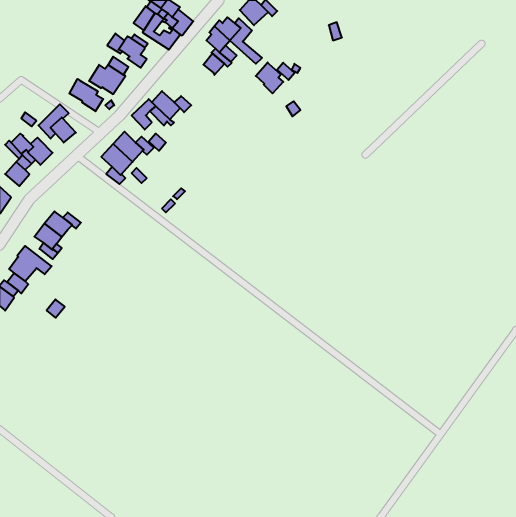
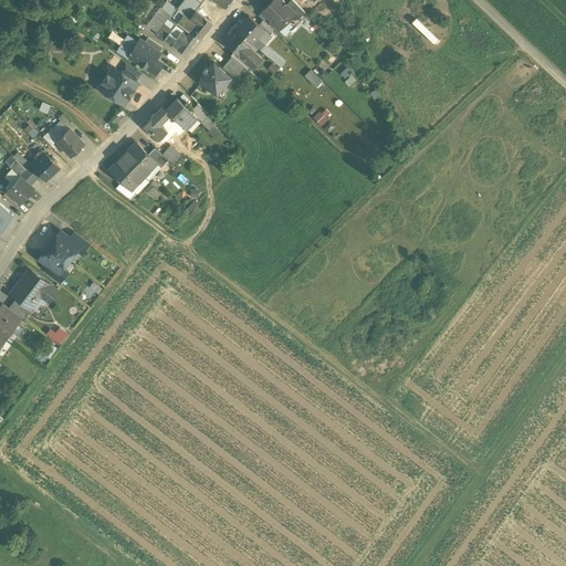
building: none -> [199,63,233,94]
building: [256,62,283,93] -> none
building: [69,79,103,111] -> none

